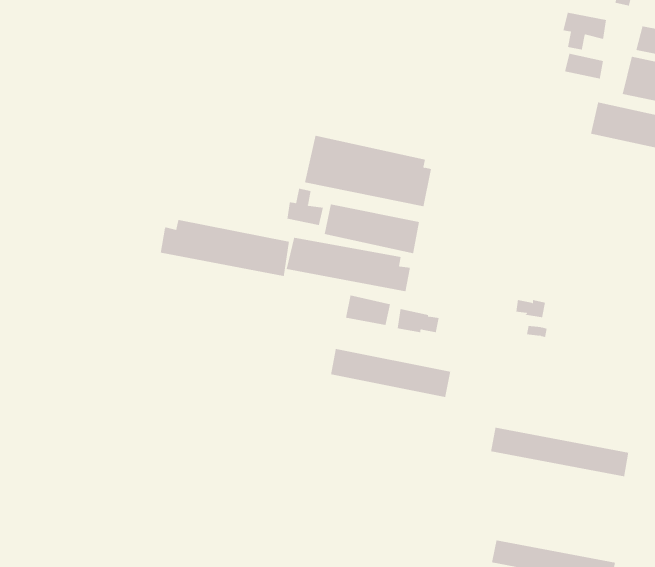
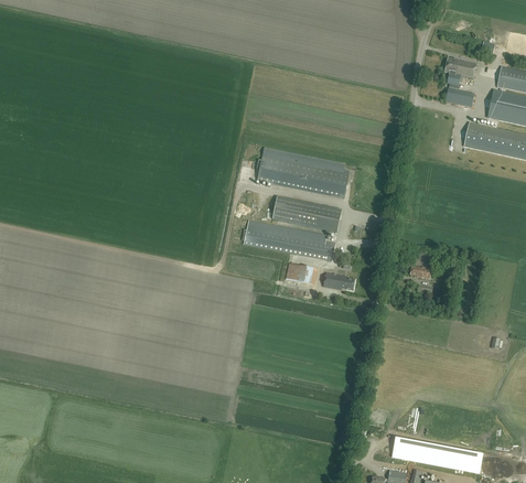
building: [287,188,324,226] -> none
building: [160,219,289,277] -> none
building: [330,348,451,398] -> none
building: [491,427,629,477] -> none

